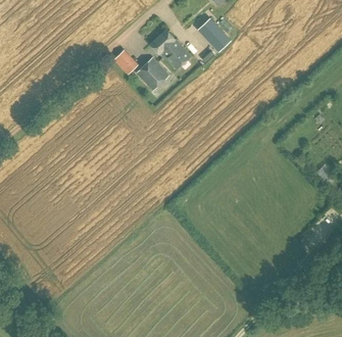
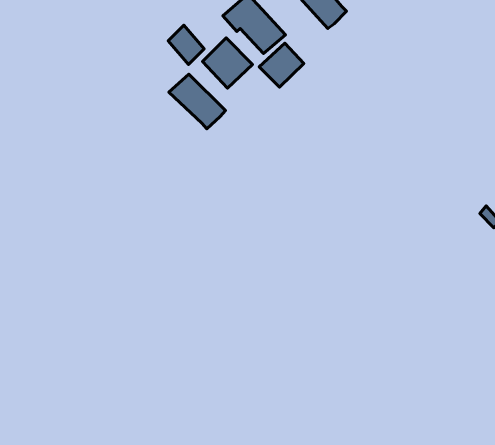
building: none -> [259,43,304,87]
building: none -> [169,74,225,129]

